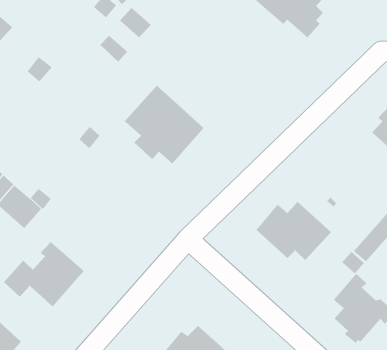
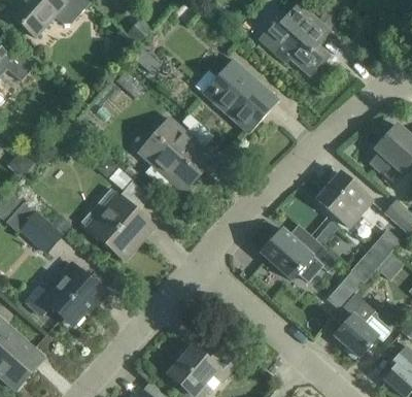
building: none -> [195,59,279,134]
building: none -> [316,172,372,227]
building: none -> [85,192,153,260]

